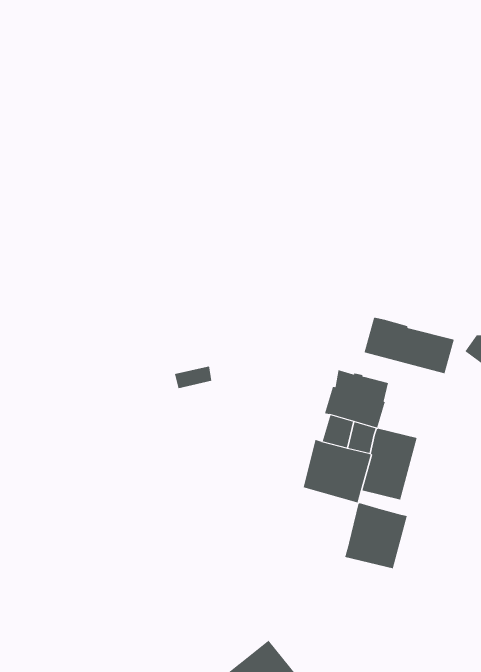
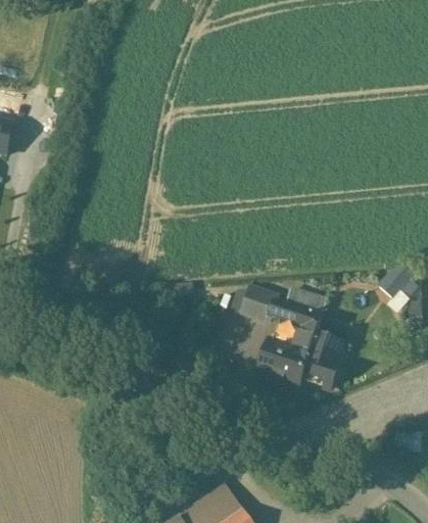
building: [364,317,454,374] -> none
building: none -> [242,288,285,323]
building: [345,503,408,569] -> none

